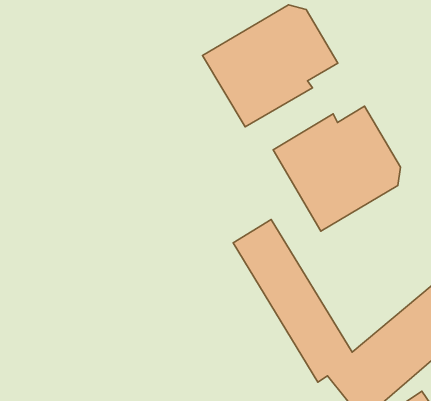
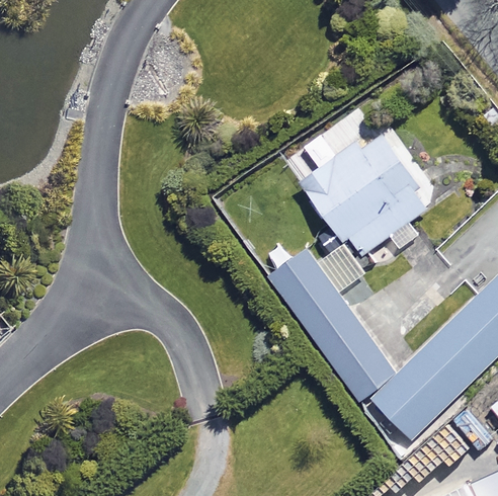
building: [203,5,338,127] -> none

